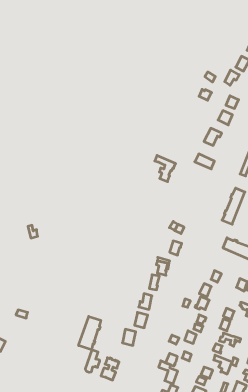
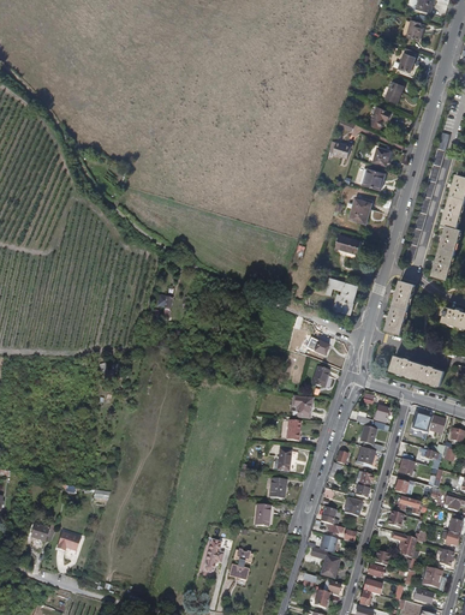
building: [155,155,176,182] -> [326,279,357,316]
building: [79,316,101,350] -> none

